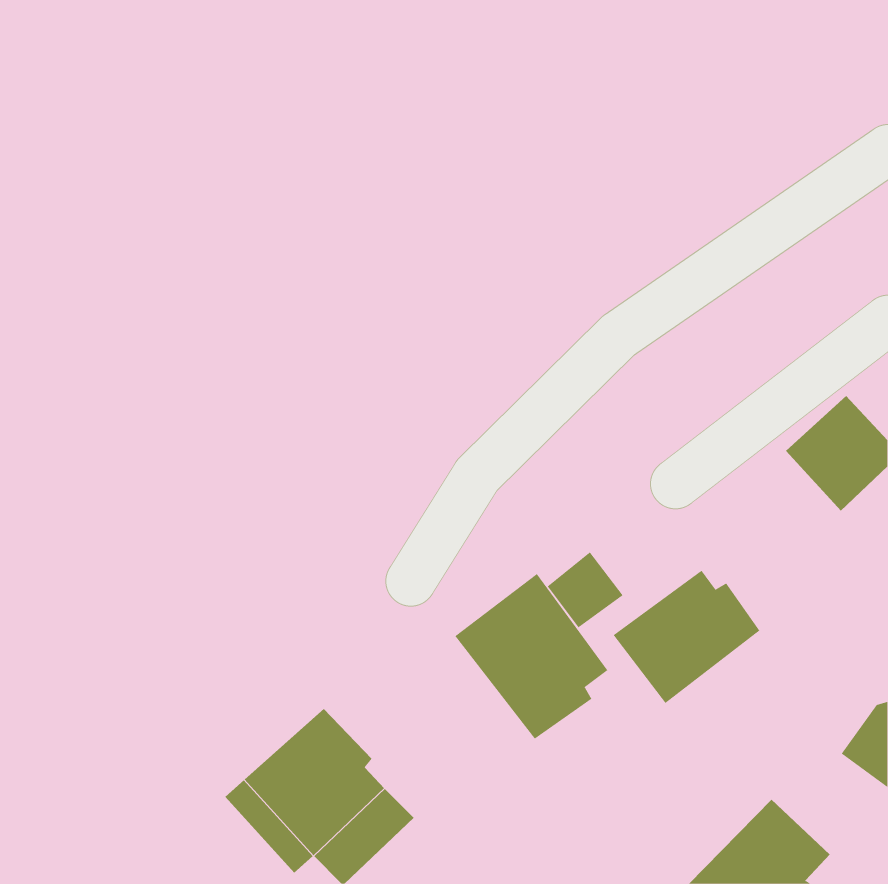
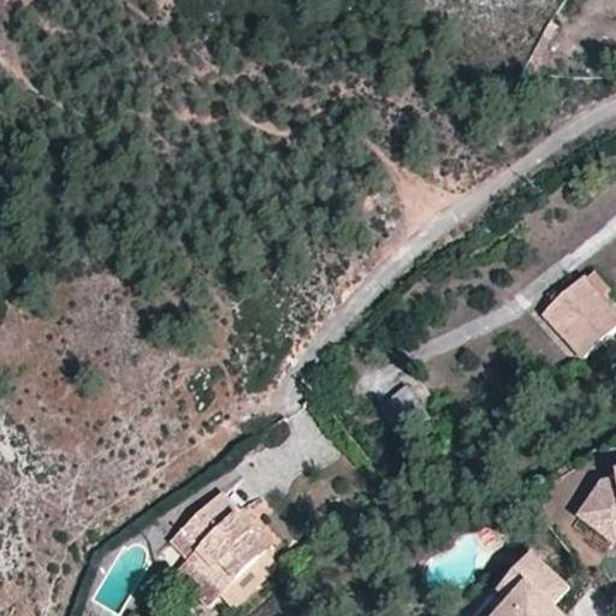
building: [613,570,760,704] -> none
building: [455,573,608,740] -> none

